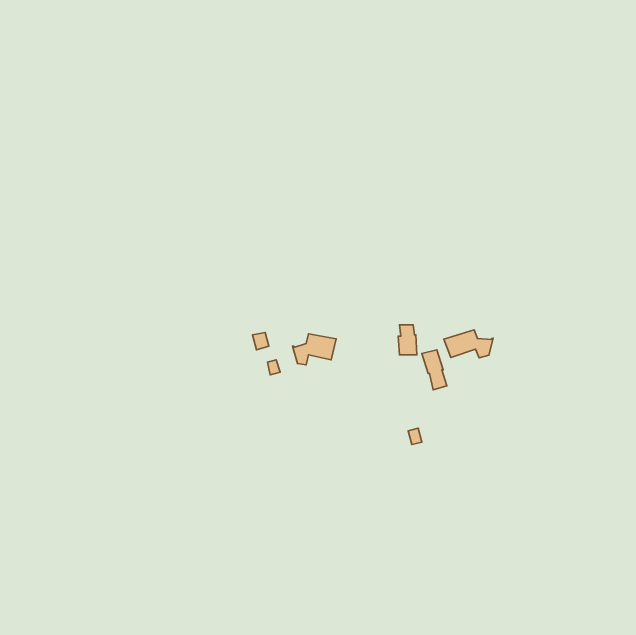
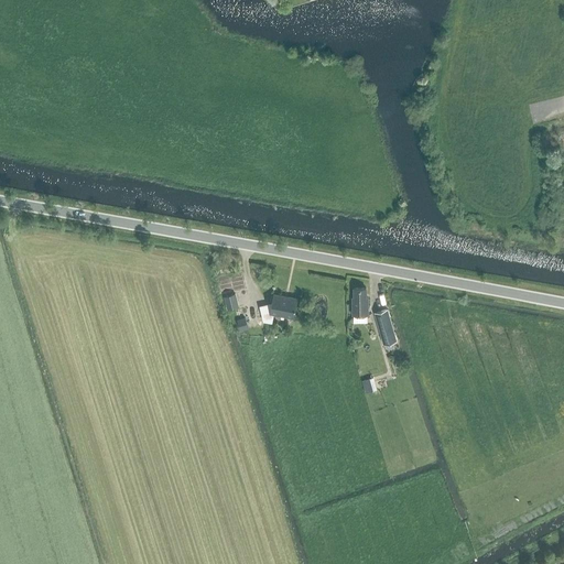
building: [444,330,493,358] -> none

